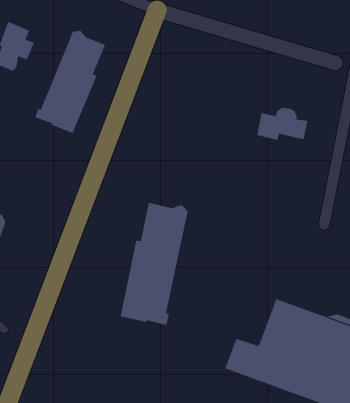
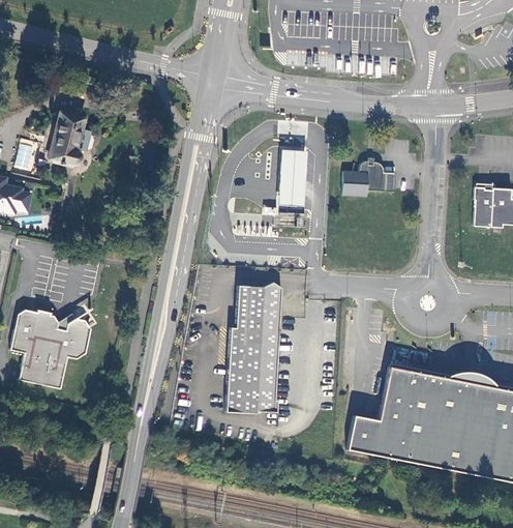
building: [35,30,106,134] -> none
building: none -> [279,148,308,206]

